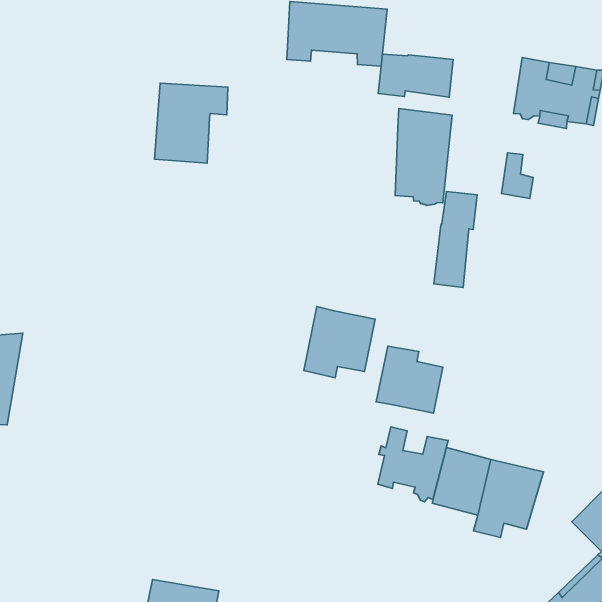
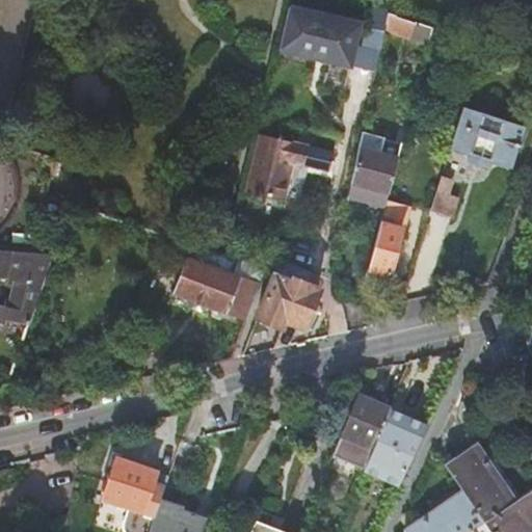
building: [378,54,453,97] -> none
building: [154,83,228,163] -> [244,139,309,206]
building: none -> [175,258,261,317]
building: [376,346,443,413] -> none
building: [378,427,448,502] -> none

